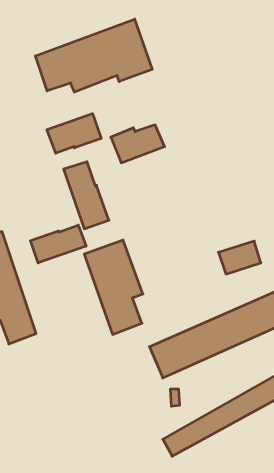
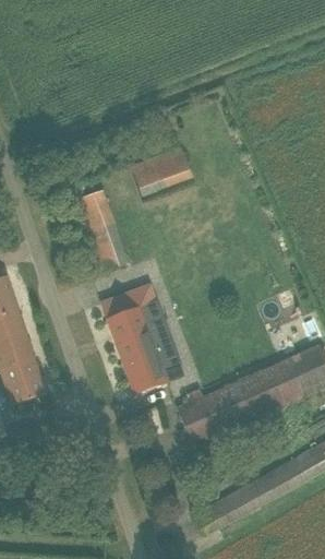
building: [35,19,152,92] -> none
building: [47,114,101,153] -> none
building: [30,225,86,263] -> none

